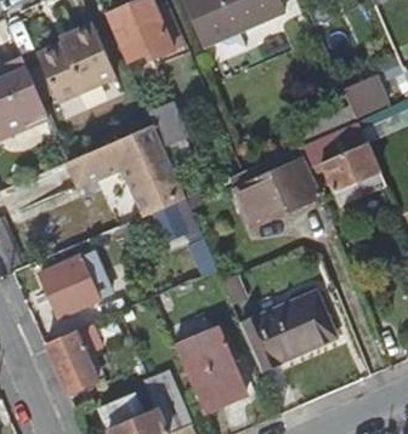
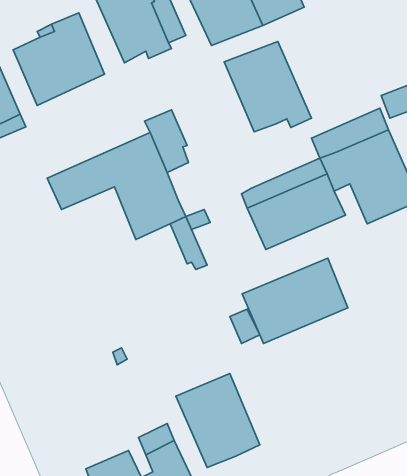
building: none -> [224,42,312,132]
building: [38,250,106,315] -> none
building: [240,295,330,367] -> [242,258,348,344]
building: [45,324,97,393] -> none

